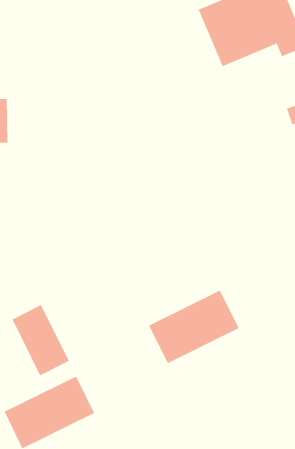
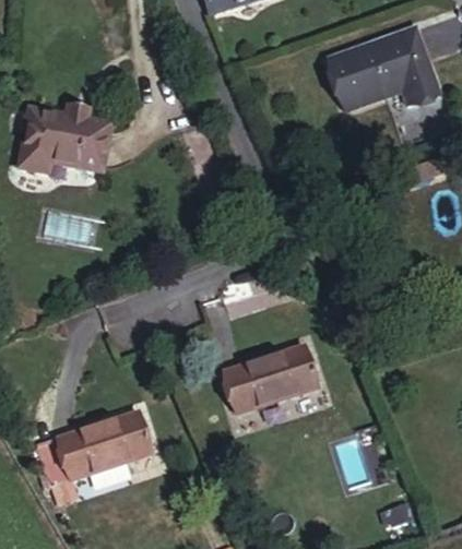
building: [12,304,69,376] -> none

